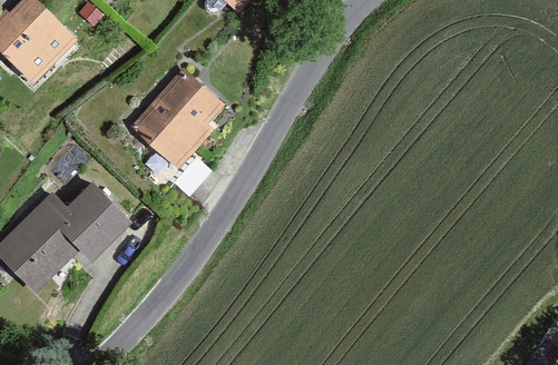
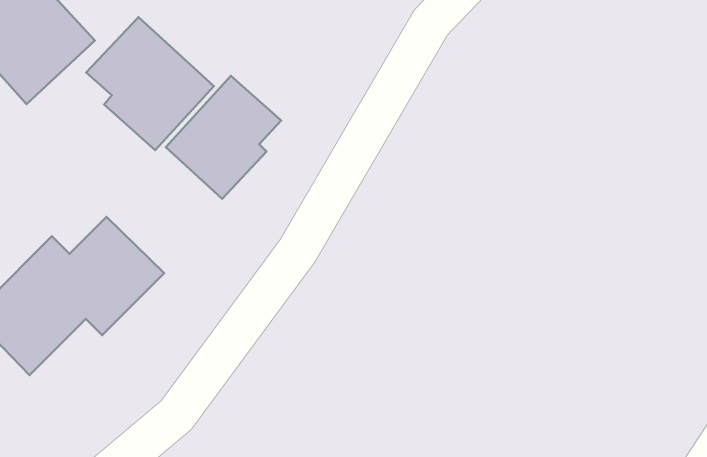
building: none -> [86,17,214,150]

